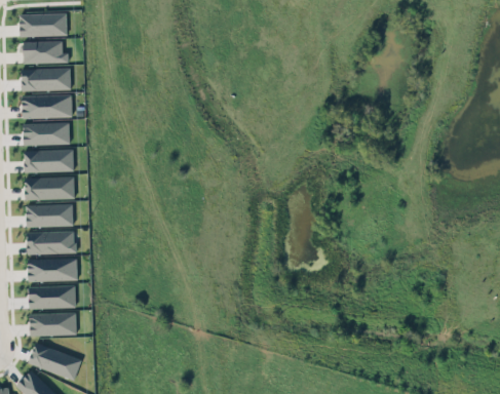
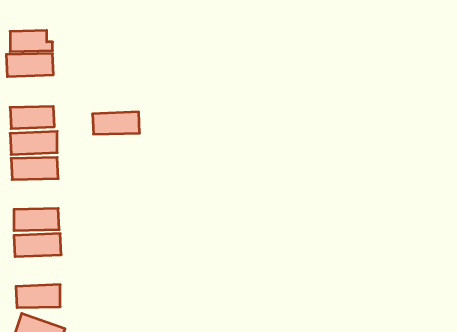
building: [21,13,68,37] -> none
building: [23,94,73,118] -> [92,112,140,134]
building: [27,203,74,227] -> none
building: [29,285,76,309] -> none

